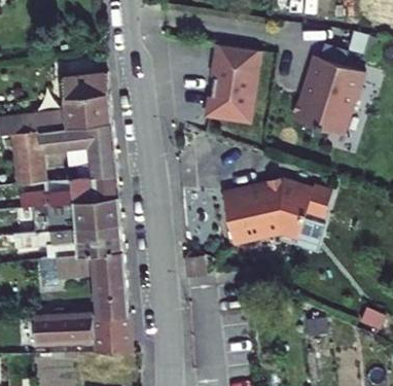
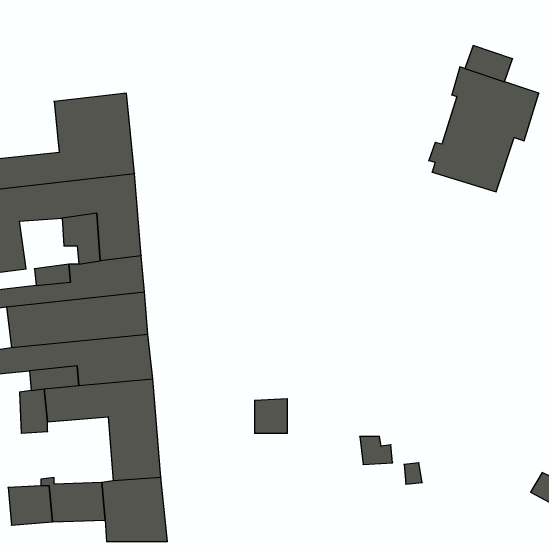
building: [208,44,257,119] -> none
building: [221,183,329,250] -> none

